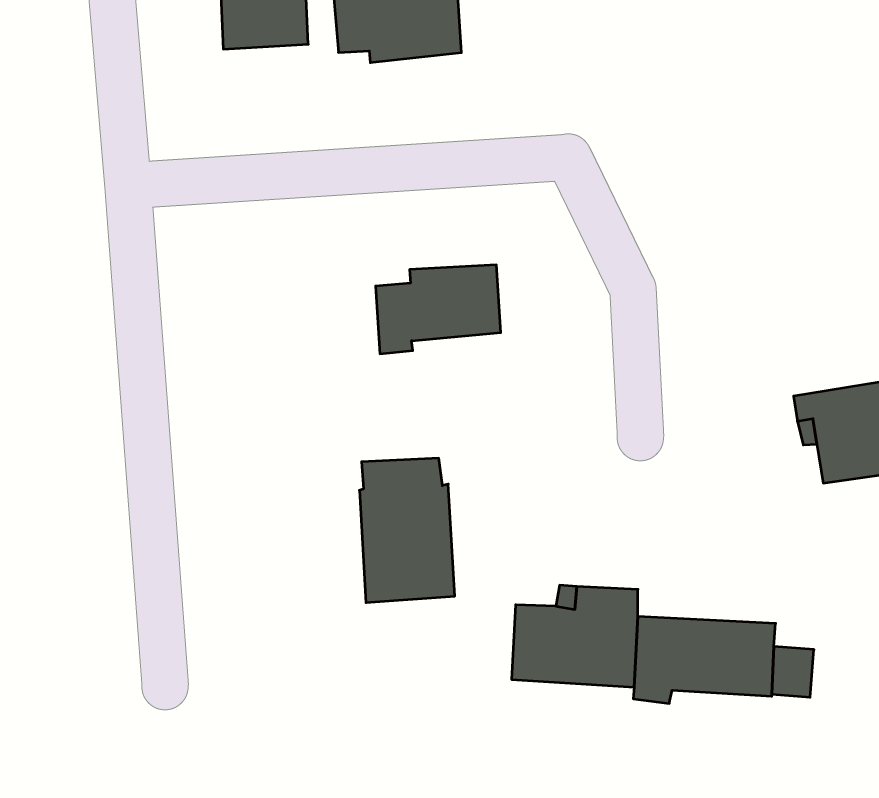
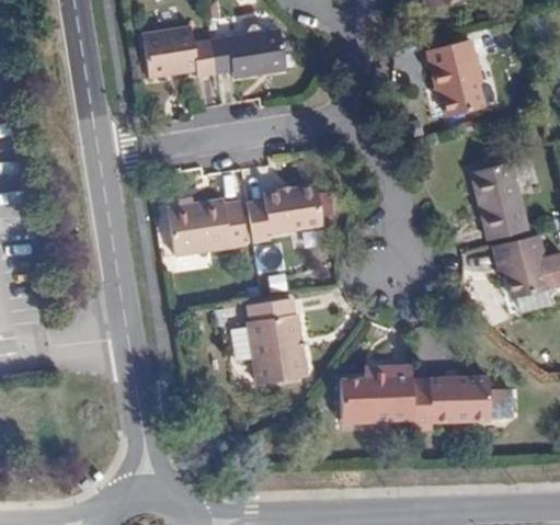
building: none -> [426,37,483,114]
building: none -> [471,161,527,238]
building: none -> [169,202,248,256]

